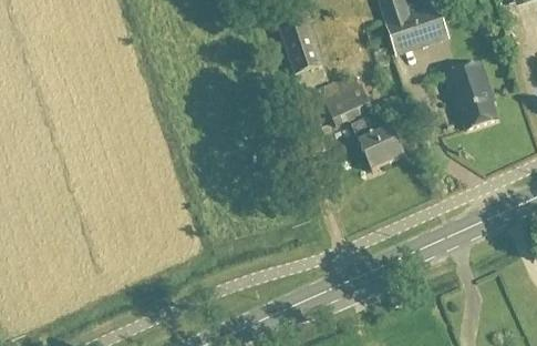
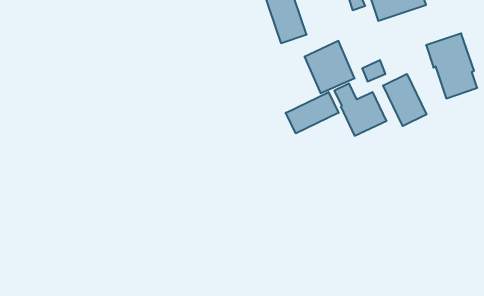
building: none -> [383,74,426,126]
building: none -> [286,92,339,133]

